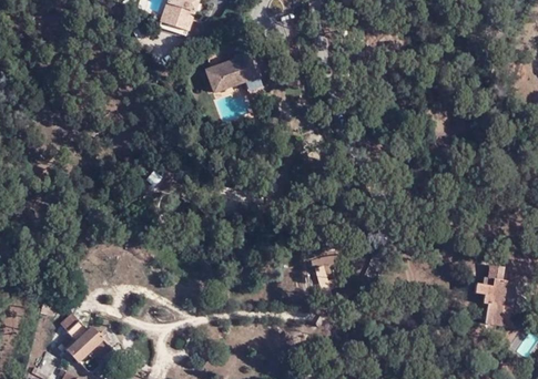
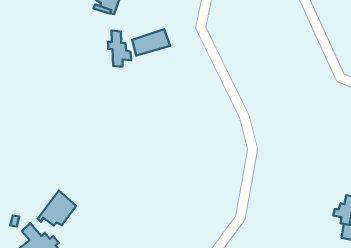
building: none -> [108,30,131,67]
building: none -> [38,191,76,226]

